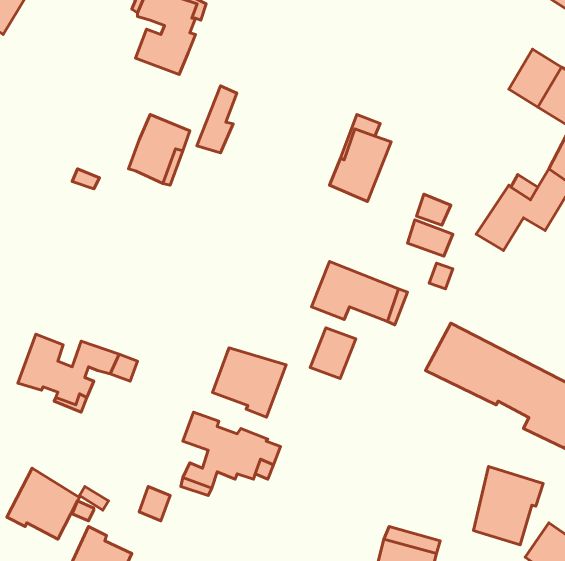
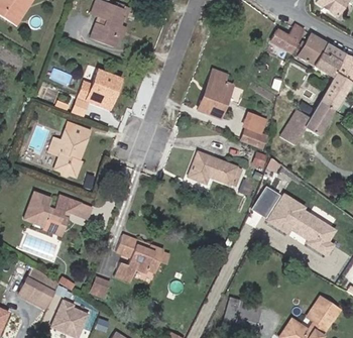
building: none -> [271,24,305,52]
building: [197,86,237,153] -> [71,80,93,117]
building: none -> [49,125,91,176]
building: [310,328,356,378] -> none
building: [213,348,286,417] -> none
building: [473,467,543,545] -> none

